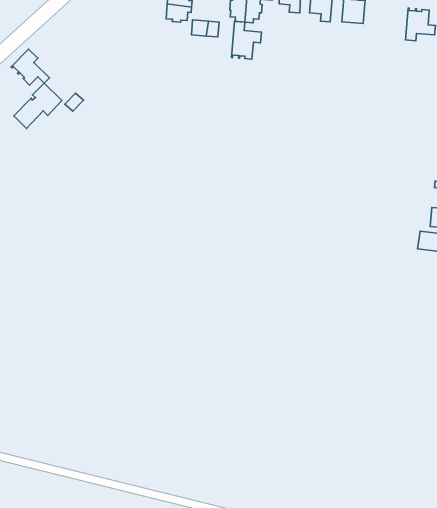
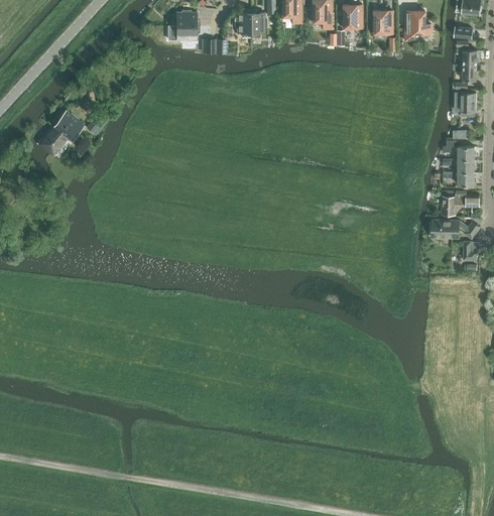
building: none -> [373,10,393,33]
building: [231,21,261,59] -> none
building: [11,49,49,85] -> none

